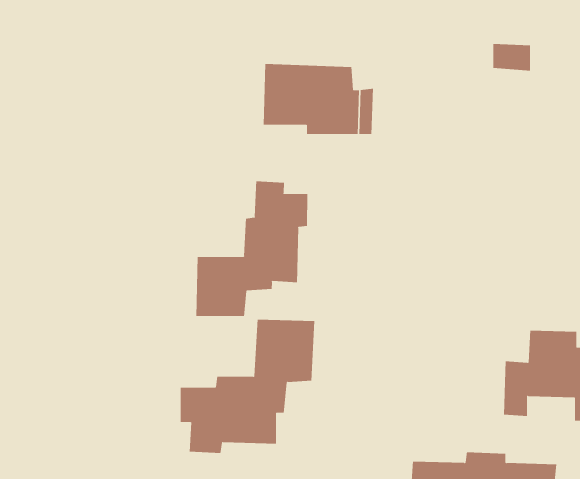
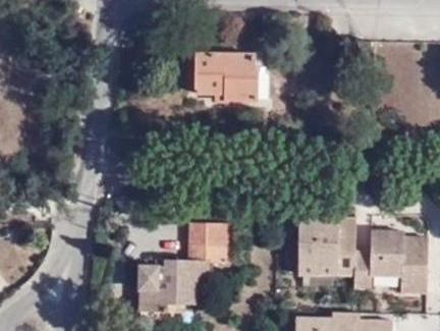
building: [196,180,308,317] -> none
building: none -> [297,217,355,273]

